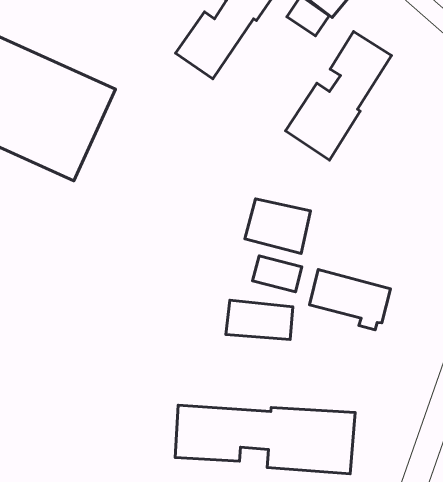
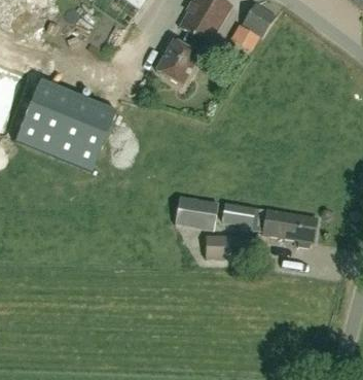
building: [285,32,391,160] -> none
building: [245,199,310,254] -> [174,197,217,232]
building: [175,405,355,474] -> none

